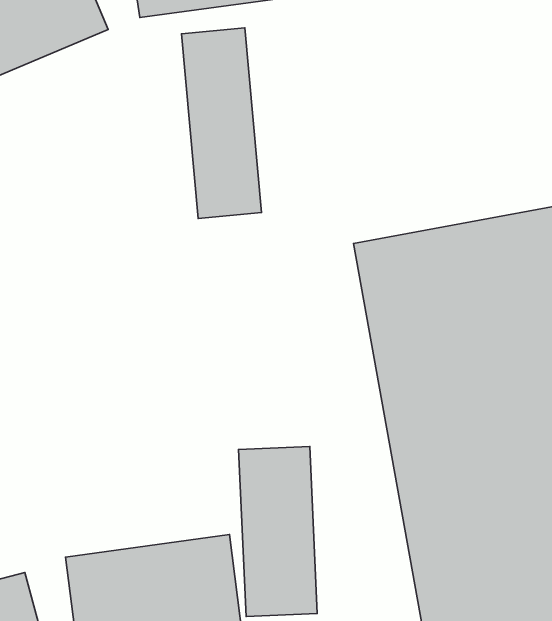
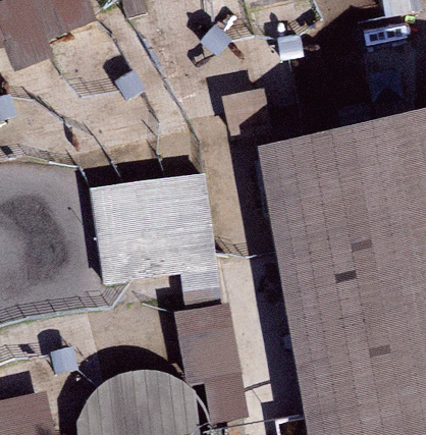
building: [182,28,262,218] -> none
building: none -> [93,173,214,272]

